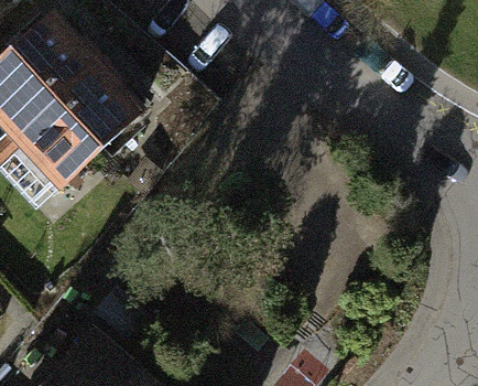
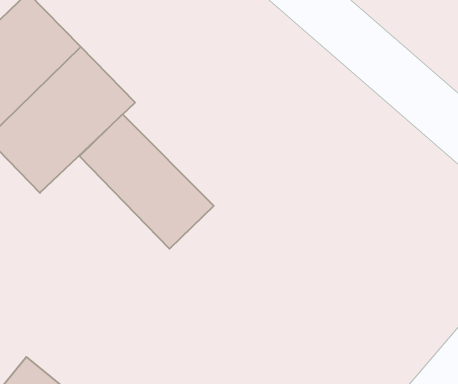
building: none -> [79,114,214,249]

